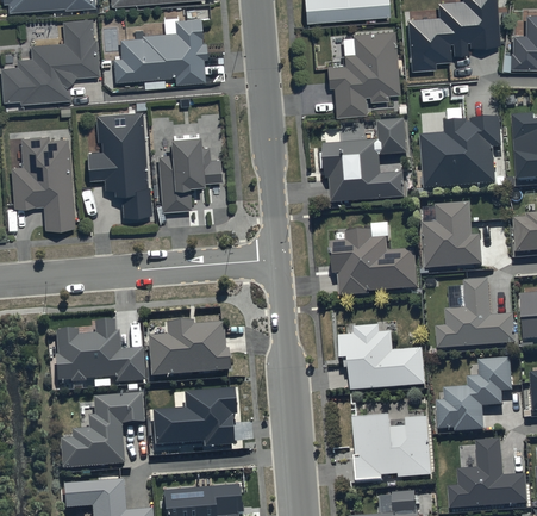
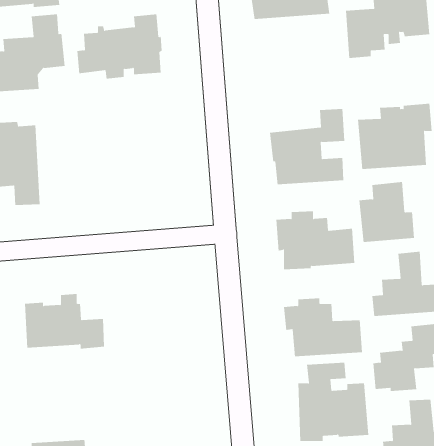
building: [327,27,399,113] -> none
building: [87,108,150,213] -> none
building: [157,126,220,209] -> none
building: [148,322,230,377] -> none
building: [152,390,236,449] -> none
building: [58,394,143,467] -> none

